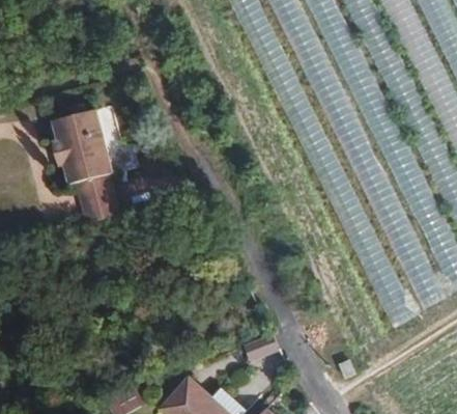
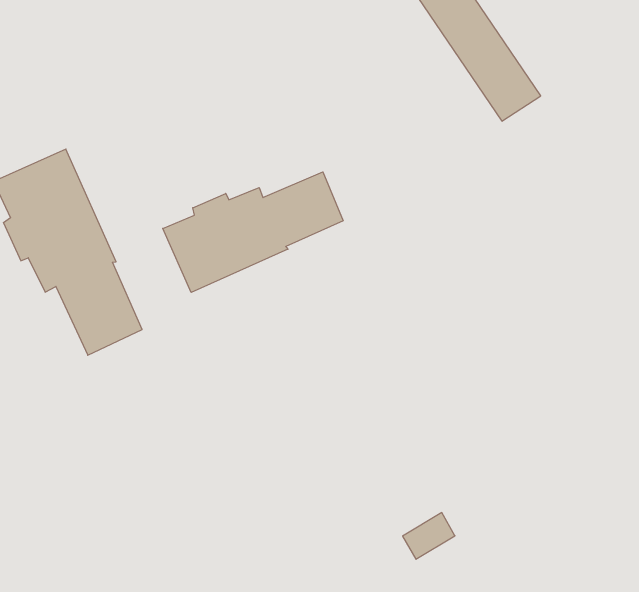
building: none -> [163,172,343,292]

